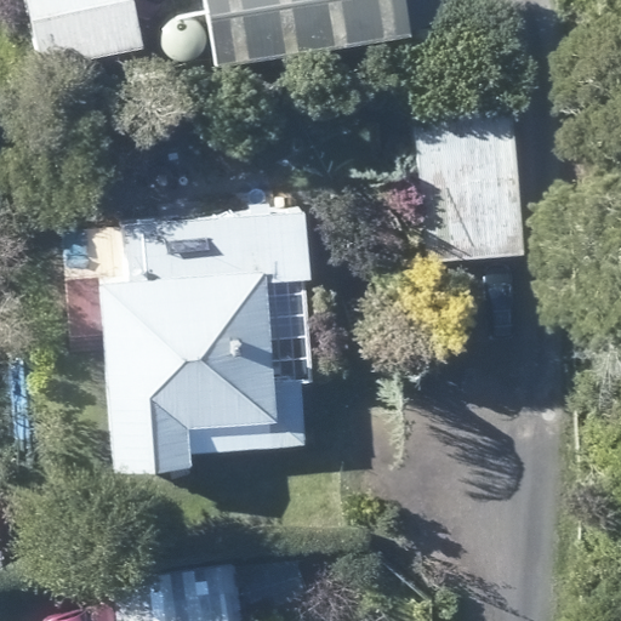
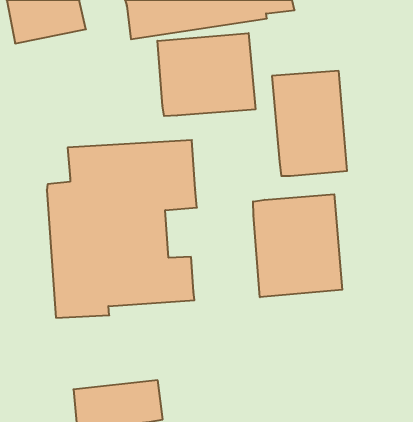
building: none -> [157,33,255,116]
building: none -> [253,194,342,297]

